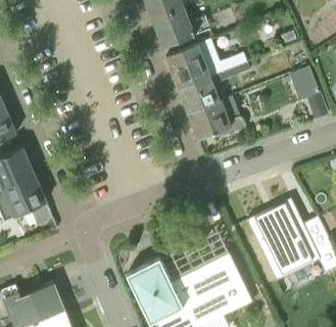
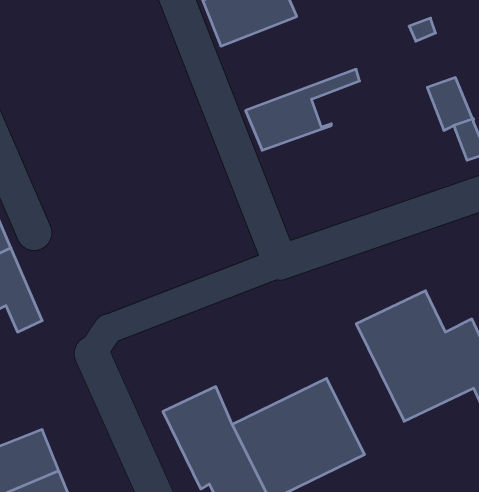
building: [166,39,247,88] -> none
building: [189,97,245,139] -> none

